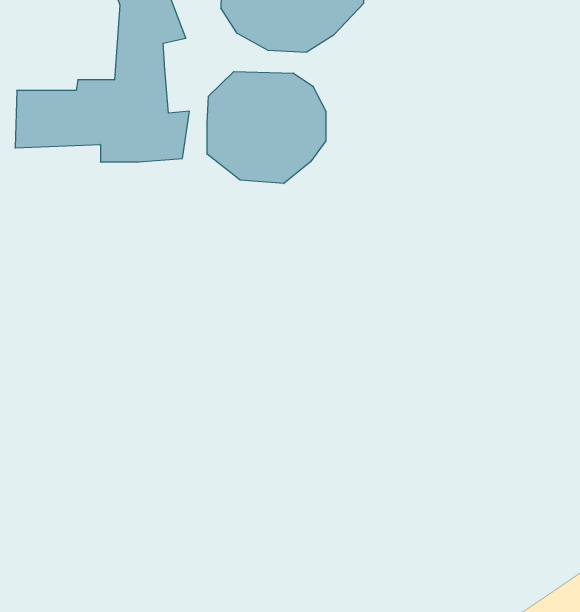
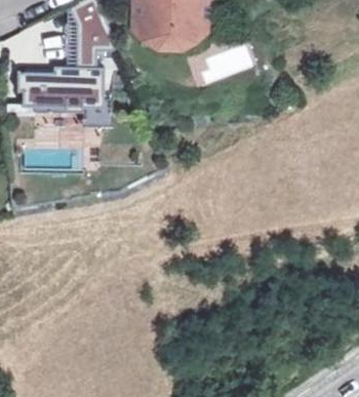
building: [207,72,326,184] -> none

